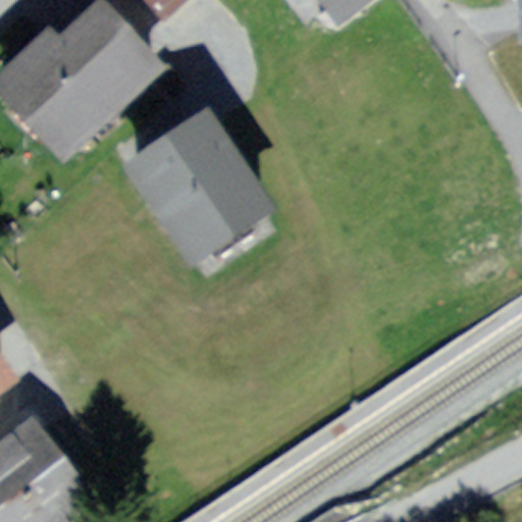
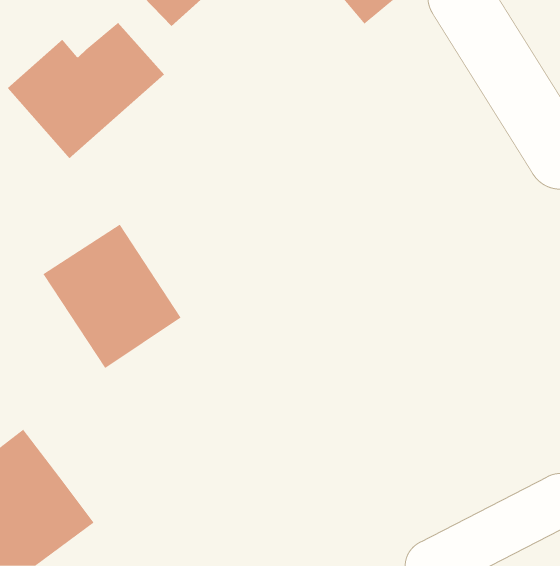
building: [127,123,255,256] -> [42,224,182,369]

